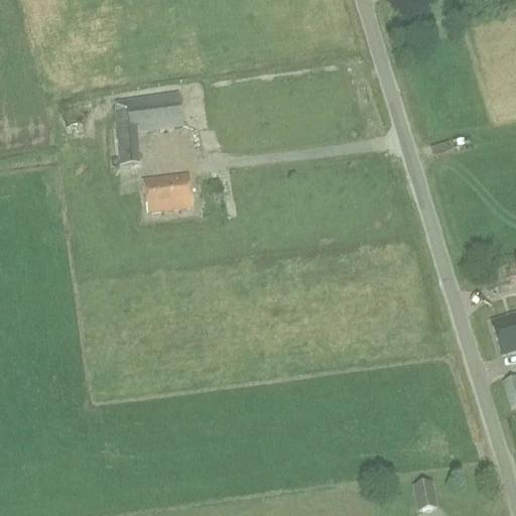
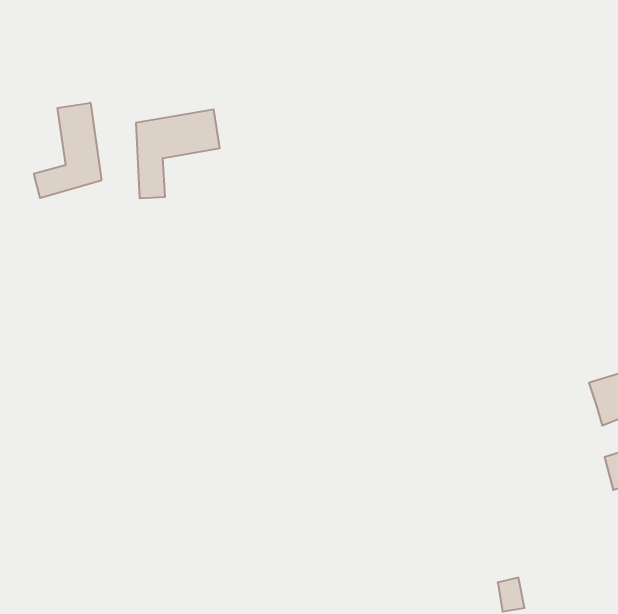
building: none -> [34,103,101,198]
building: [143,170,195,210] -> none

